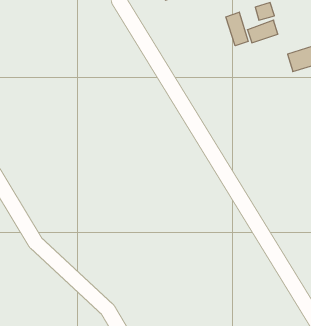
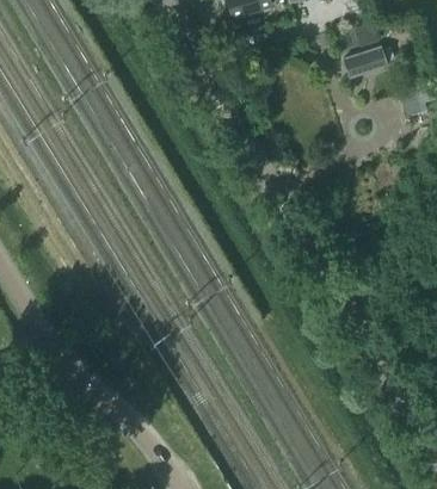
building: [226,12,248,46] -> none

